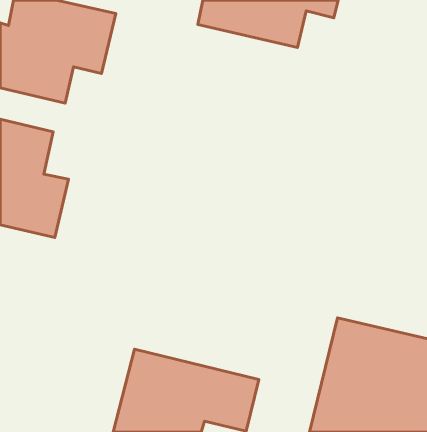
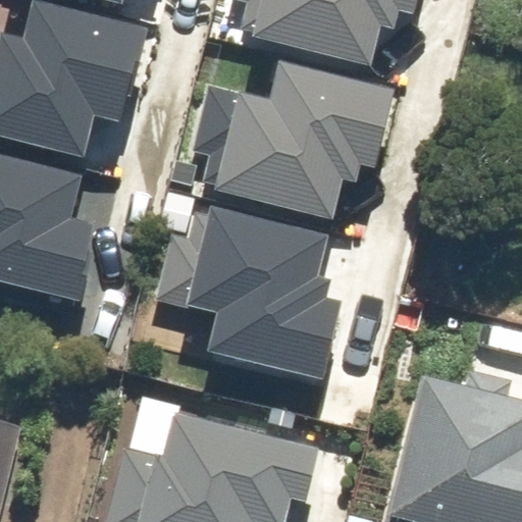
building: none -> [206,77,387,213]
building: none -> [161,217,342,375]

